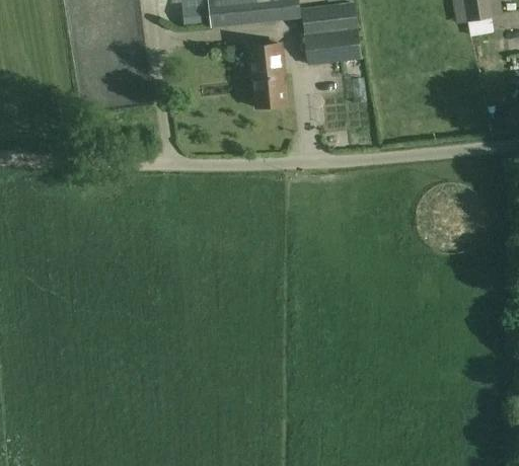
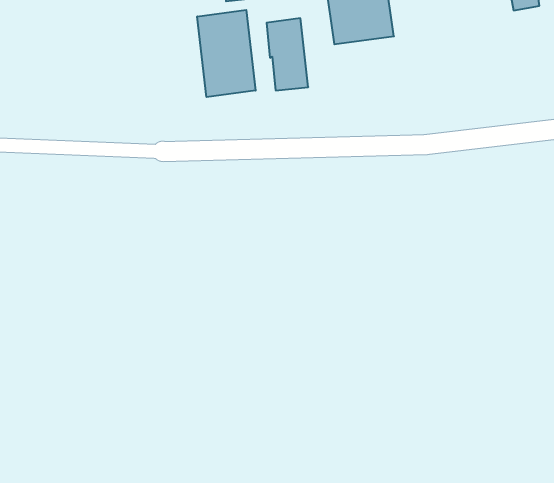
building: none -> [197,10,256,97]

